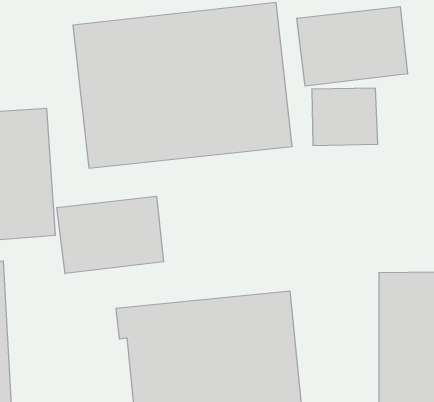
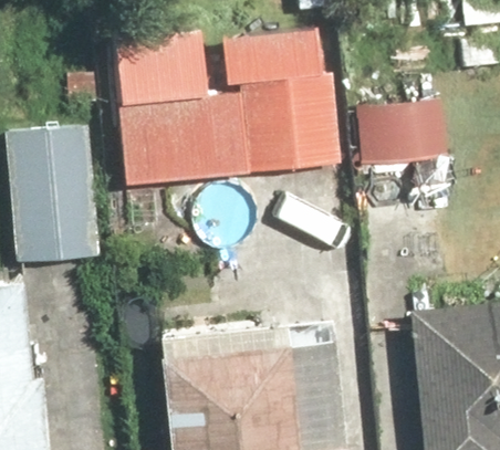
building: [297,7,408,86] -> none
building: [57,196,164,274] -> none

